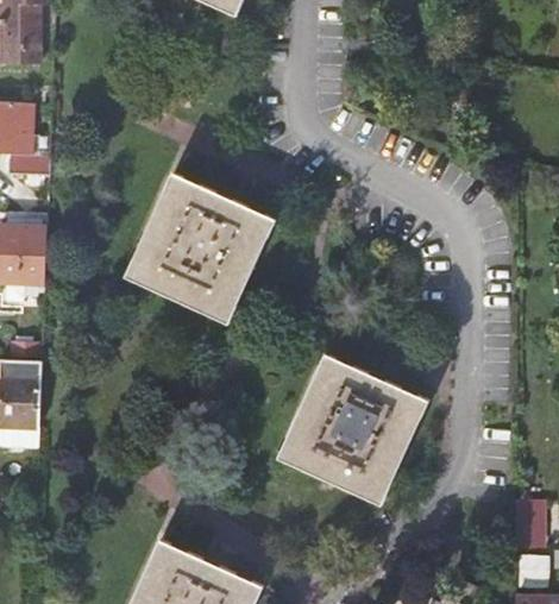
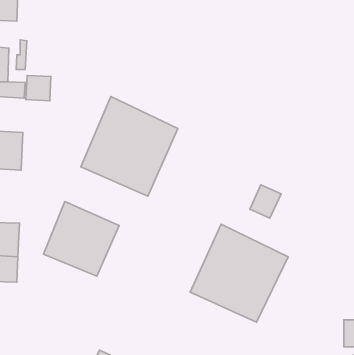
building: none -> [26,75,51,101]
building: none -> [250,185,281,218]
building: none -> [43,202,119,276]

